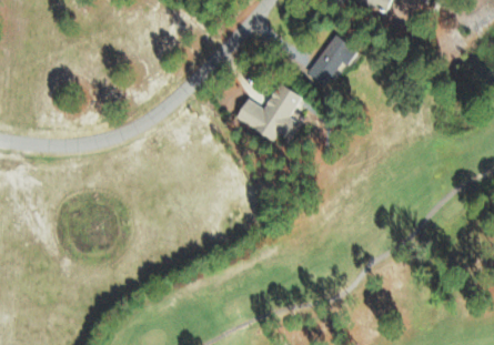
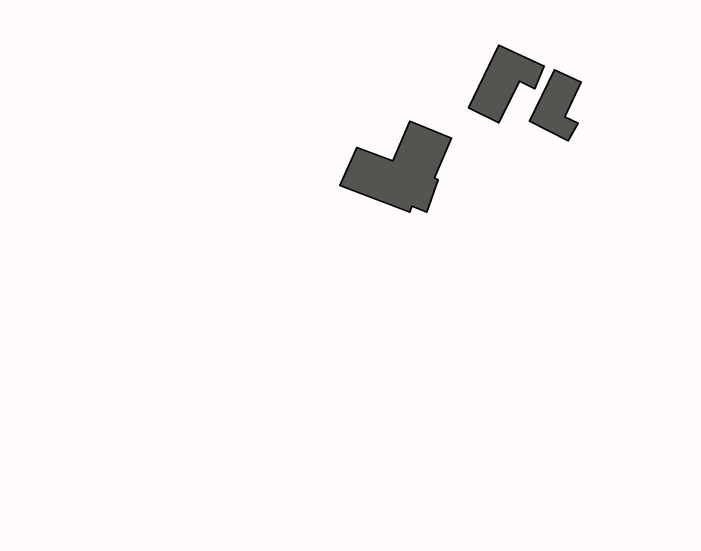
building: none -> [530,70,581,141]

